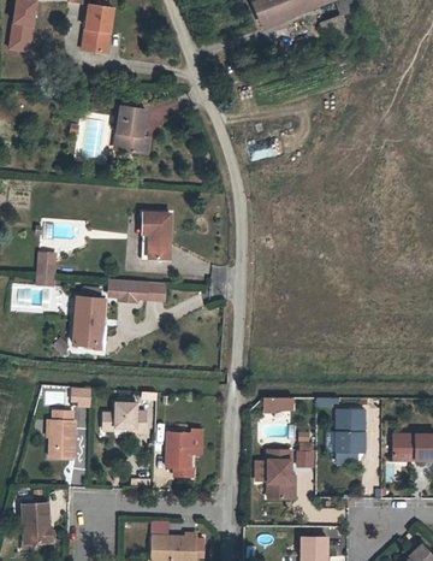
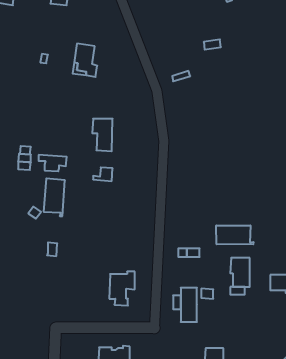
building: [114,279,154,302] -> [39,155,67,171]
building: none -> [216,225,253,244]
building: [102,402,146,433] -> none
building: [49,411,75,457] -> none
building: [22,503,52,544] -> none

